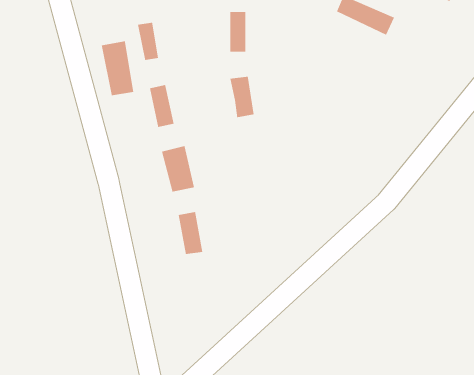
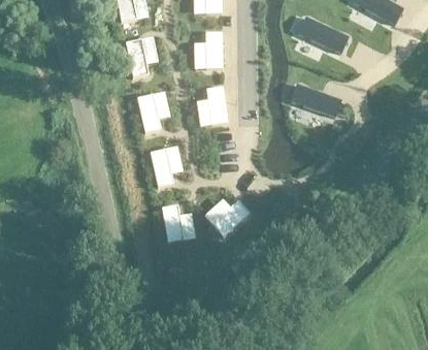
building: [101,40,134,96] -> none
building: none -> [291,84,341,118]
building: none -> [211,202,250,237]

